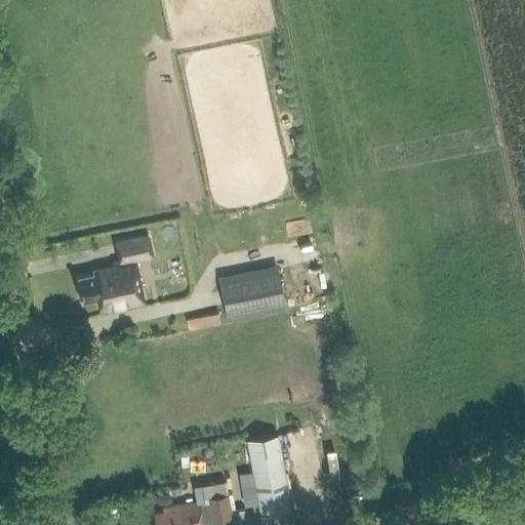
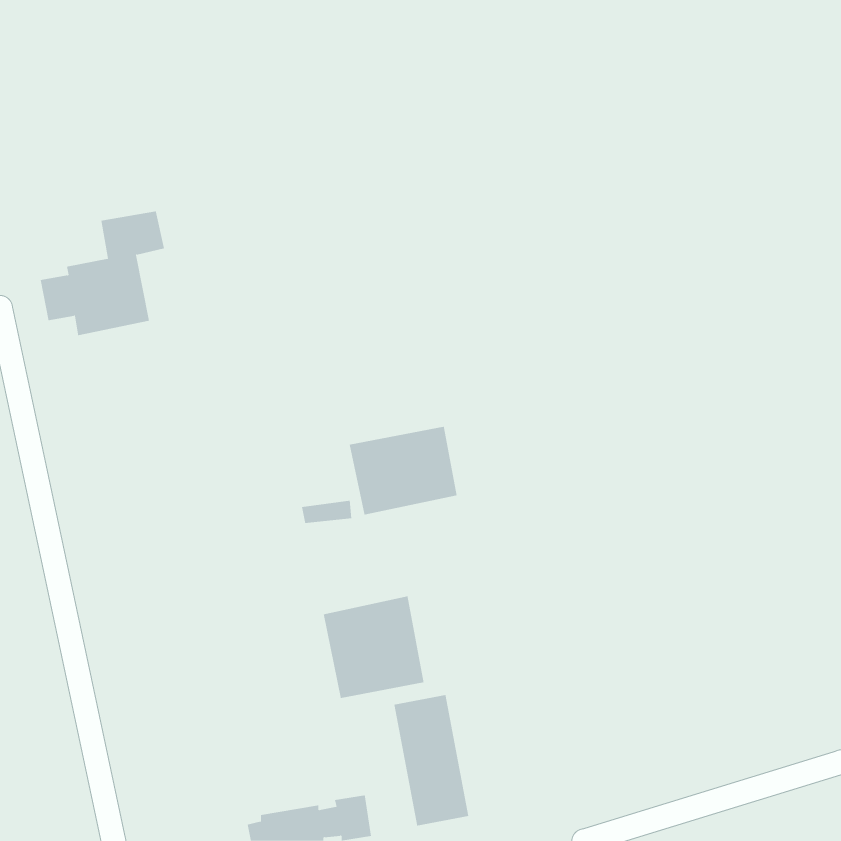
building: [76,234,154,312] -> [40,211,165,336]
building: none -> [323,596,424,699]

